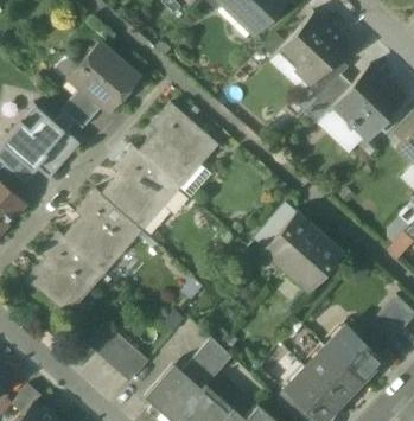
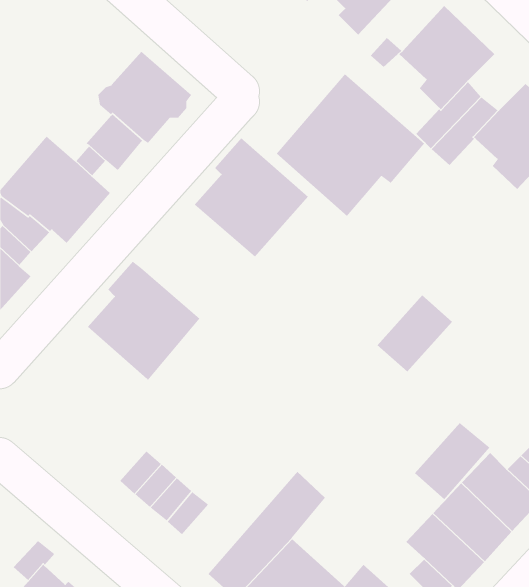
building: none -> [276,73,425,217]
building: [101,146,180,230] -> none
building: [26,232,104,315] -> none
building: [287,232,340,287] -> [414,422,490,500]

